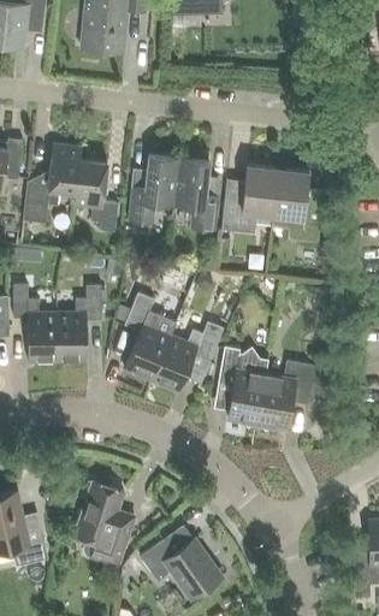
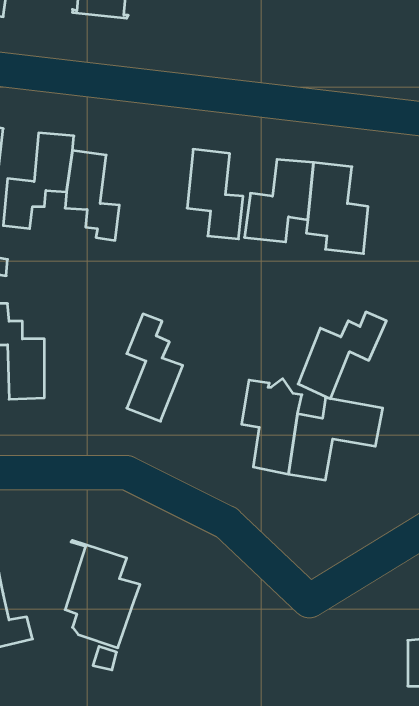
building: [128,154,178,223] -> none
building: [57,284,101,360] -> none
building: [152,320,224,391] -> [298,312,386,399]
building: [140,538,221,598] -> none

